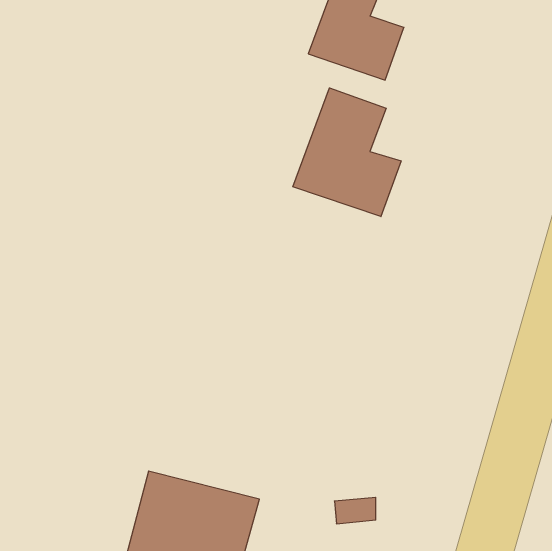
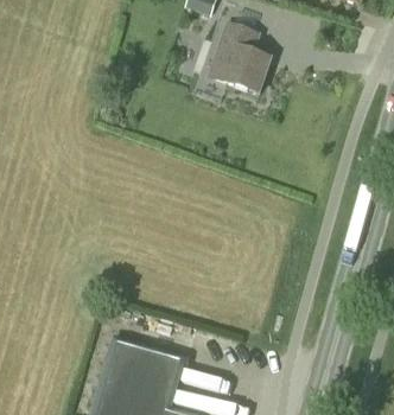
building: [293,88,401,217] -> none

